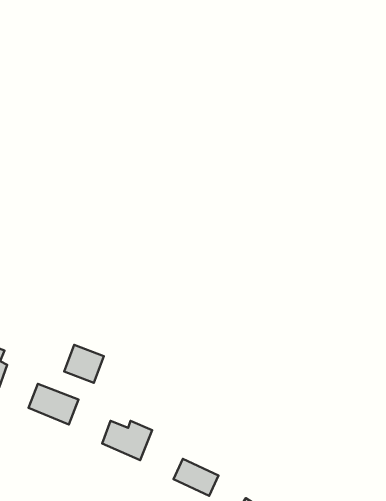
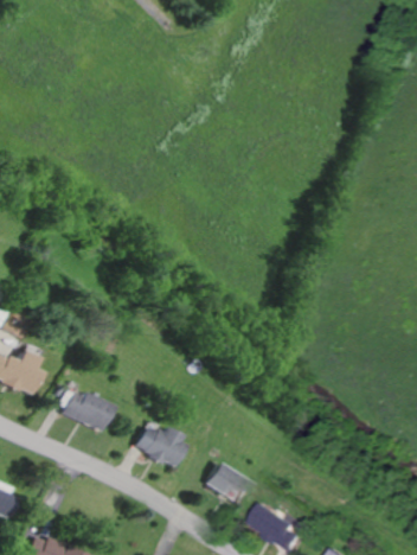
building: [64,345,104,383] -> none

